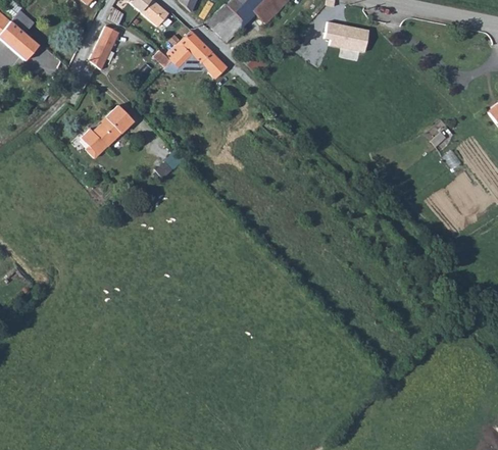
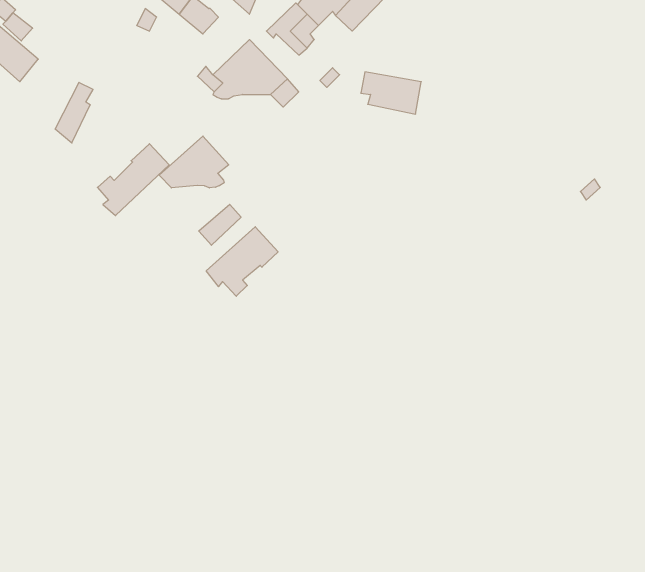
building: [325,21,368,52] -> [361,72,421,114]
building: [89,26,116,69] -> [55,82,93,143]
building: none -> [159,136,229,188]
building: none -> [206,227,278,296]

